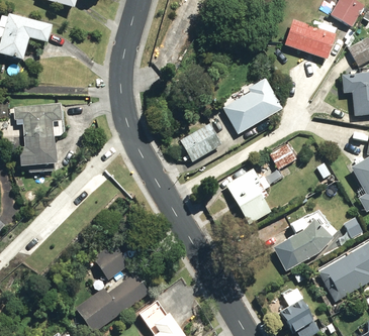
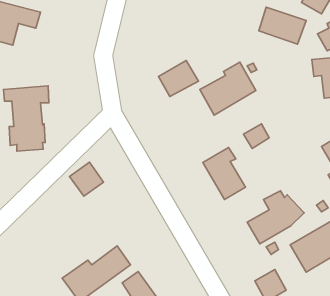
building: [180,122,222,160] -> [158,61,198,96]
building: [92,242,128,278] -> [69,162,104,196]

